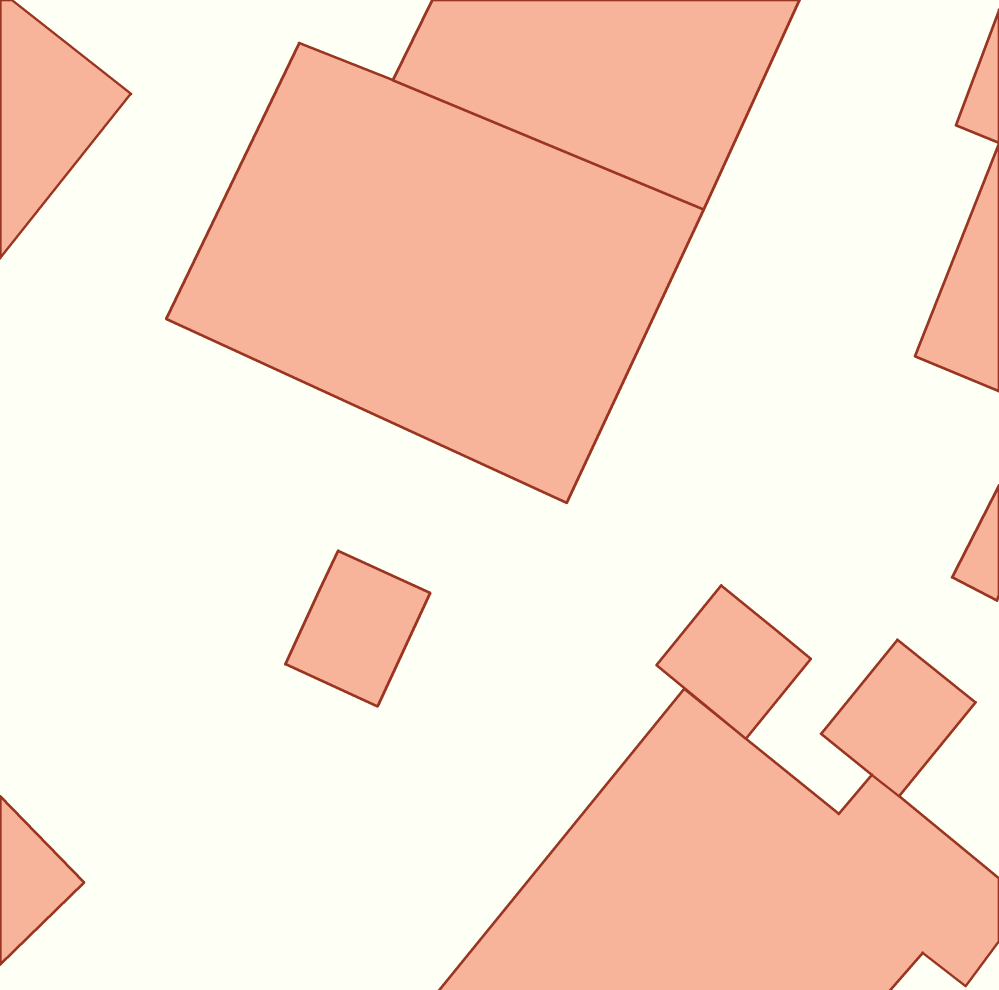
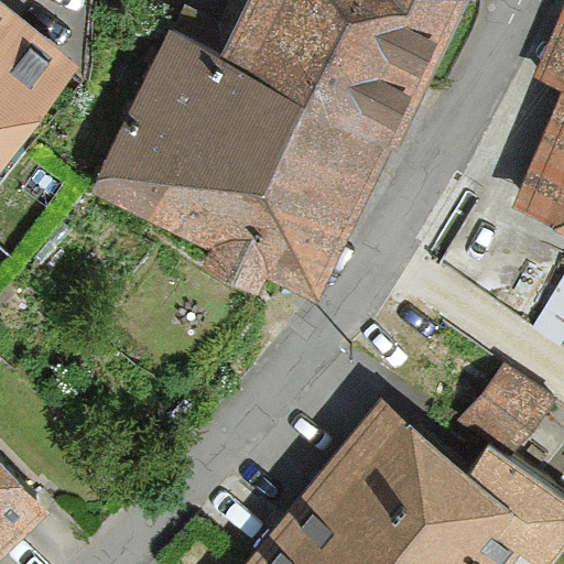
building: [285,551,430,706] -> none
building: [657,585,811,739] -> none

